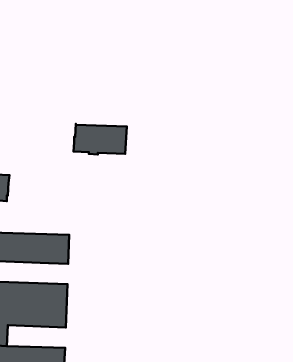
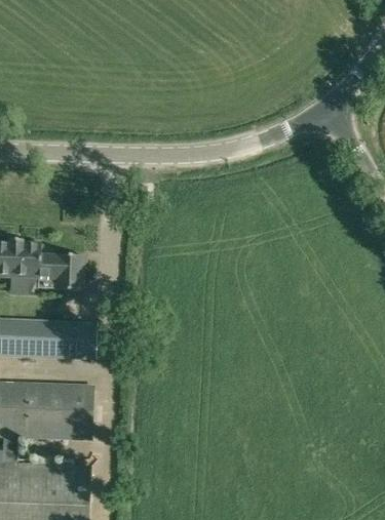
building: [74,124,127,155] -> [14,254,82,293]

